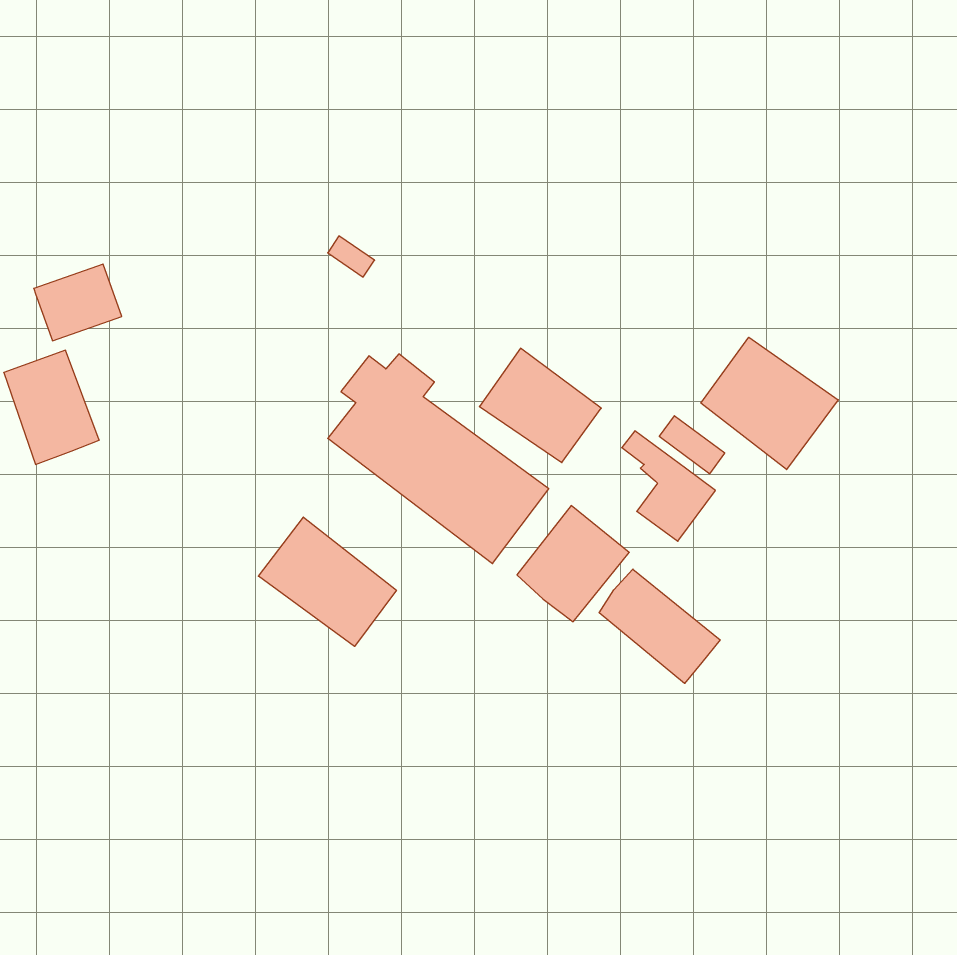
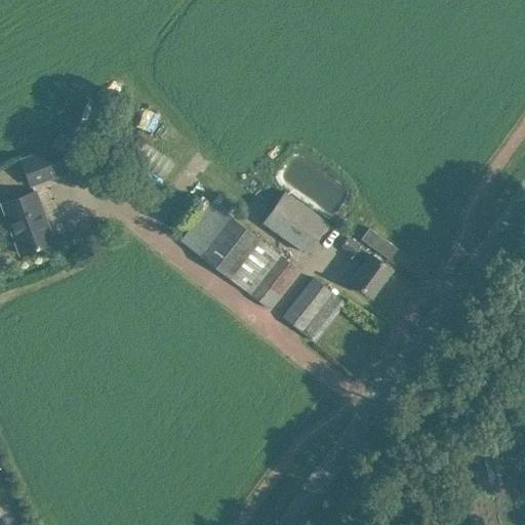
building: [701,337,838,470] -> none
building: [258,517,396,646] -> none
building: [599,569,720,683] -> none

